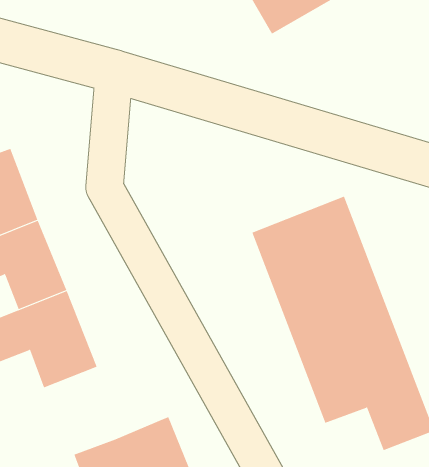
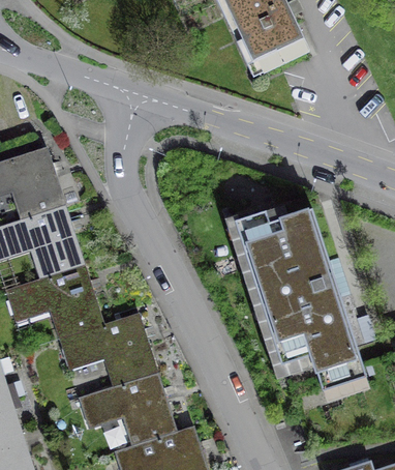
building: none -> [59,316,155,386]

